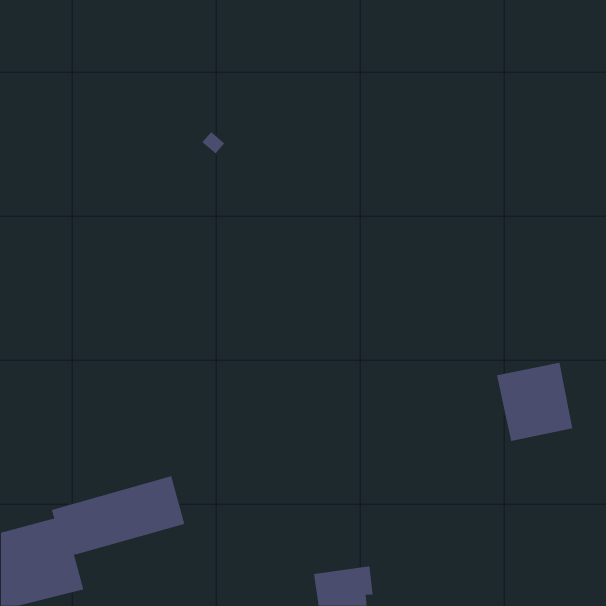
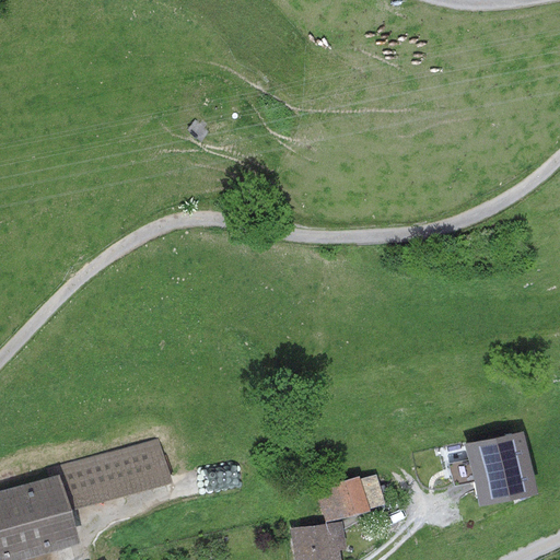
building: [496,362,573,442] -> [464,432,535,505]
building: none -> [315,475,384,522]

